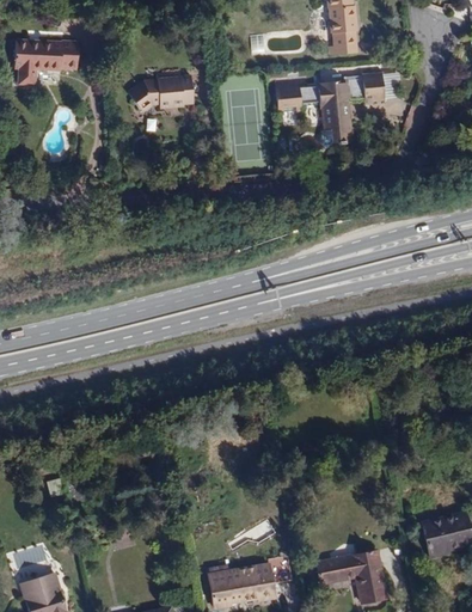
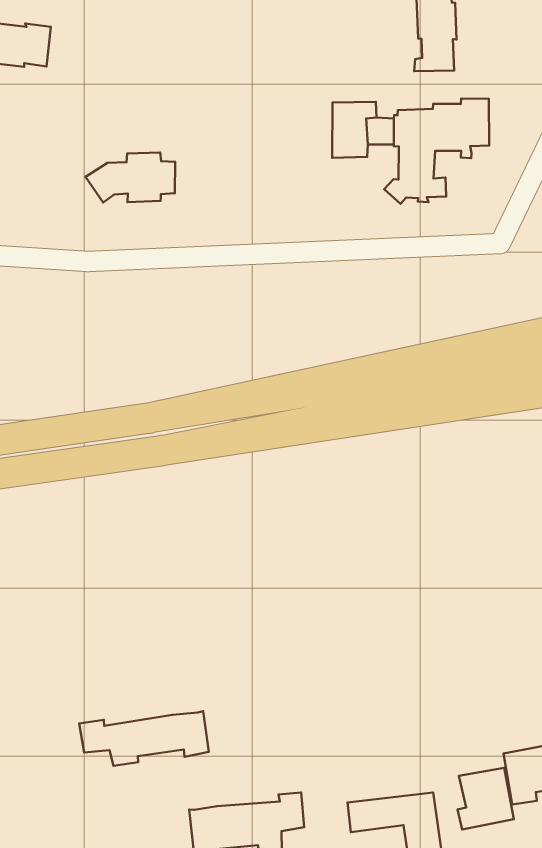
building: [129,73,191,110] -> [86,152,175,202]
building: none -> [79,711,209,766]
building: none -> [457,768,514,830]

